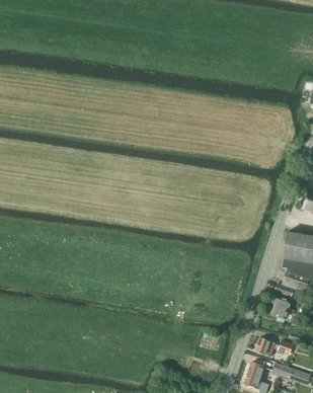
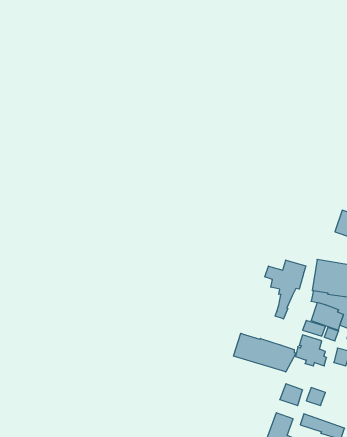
building: none -> [265,260,306,319]
building: none -> [234,333,296,372]

